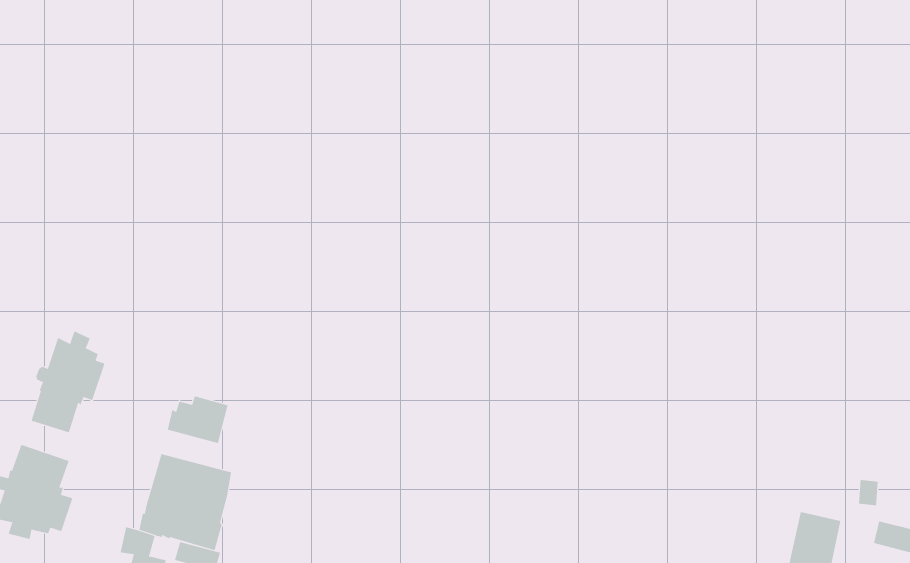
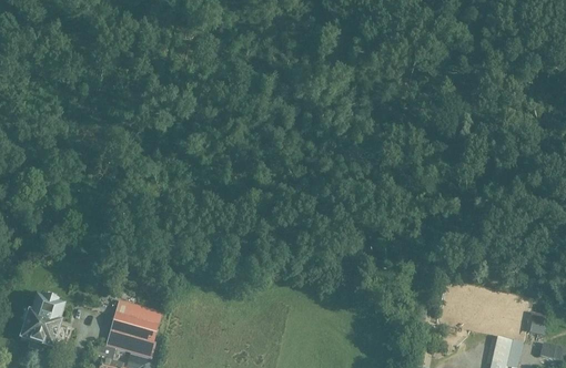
building: [31,331,105,433] -> none
building: [167,395,228,444] -> none

